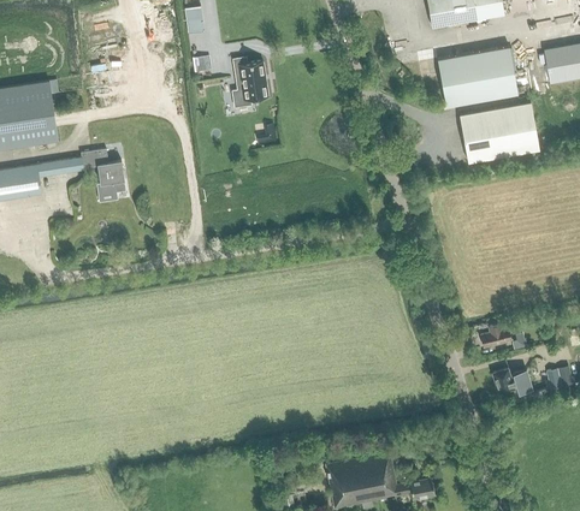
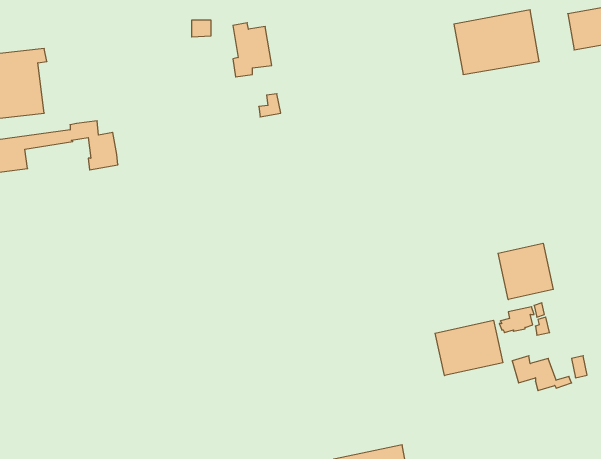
building: [460,101,539,162] -> none
building: none -> [498,243,553,300]
building: none -> [435,320,503,376]

